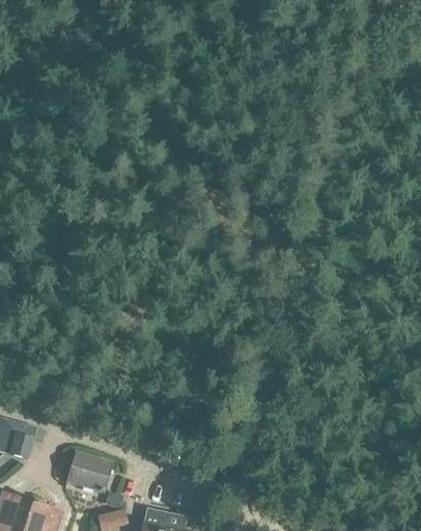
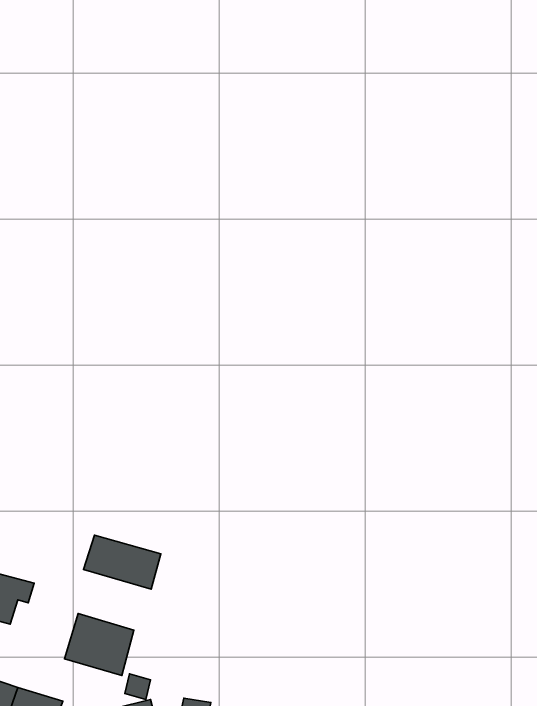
building: none -> [83,535,161,589]

